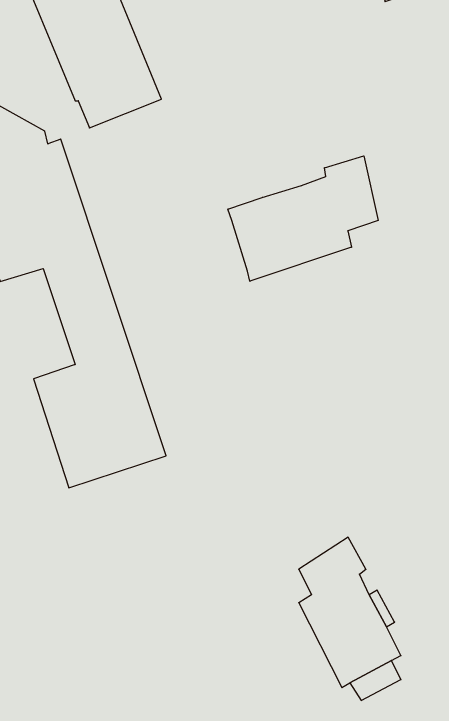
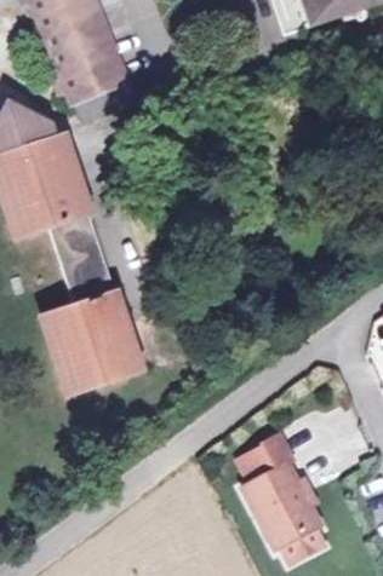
building: [228,156,378,281] -> none

